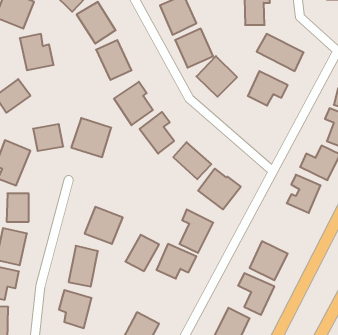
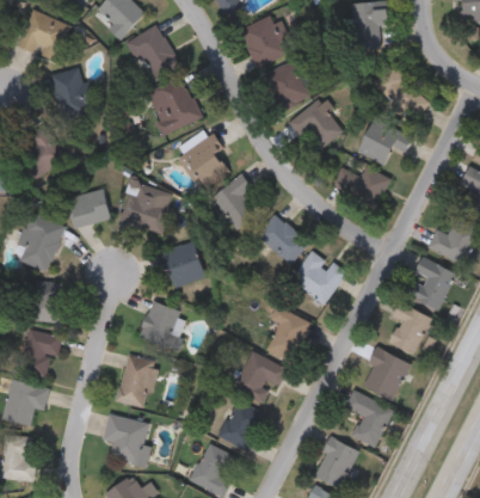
building: none -> [332,165,390,208]
building: none -> [160,241,204,288]
building: none -> [388,302,431,355]
building: [125,235,159,271] -> [217,399,263,448]

